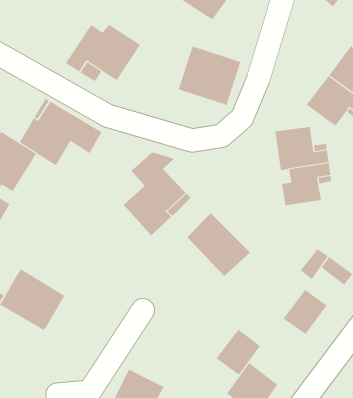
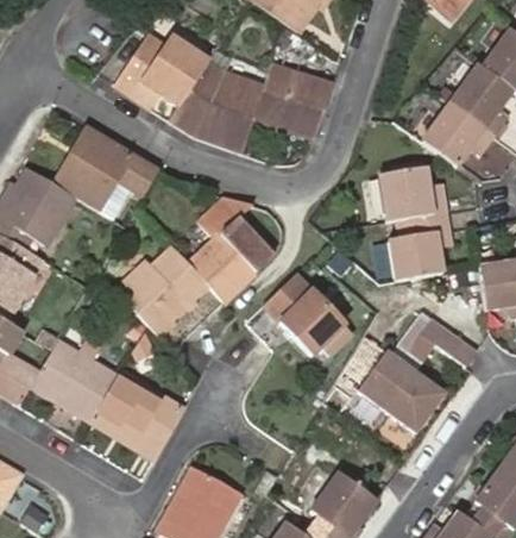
building: none -> [171,63,268,152]
building: none -> [117,249,208,336]
building: none -> [94,373,183,462]
building: [215,329,261,375] -> [359,349,416,407]

